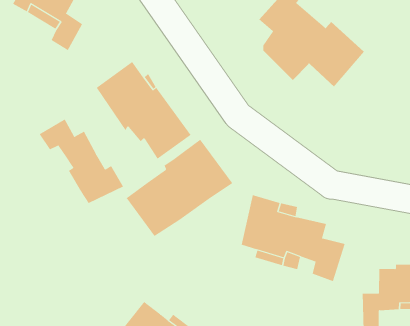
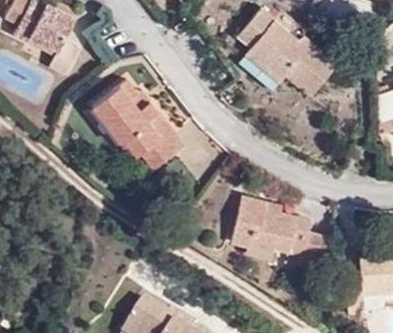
building: [39,119,124,204] -> none
building: [126,139,233,237] -> none

